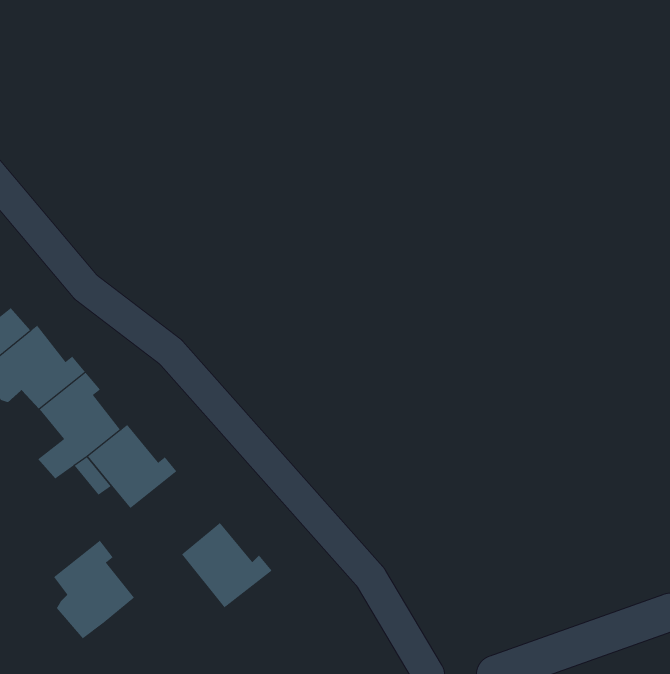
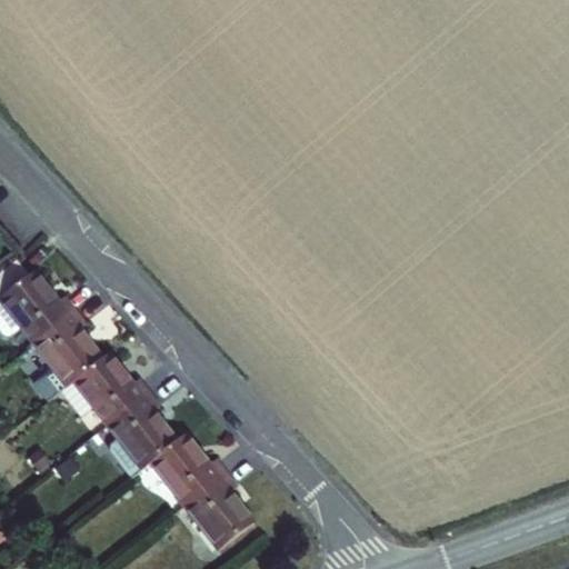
building: [53,540,135,639] -> [108,390,176,472]
building: none -> [186,472,256,548]

